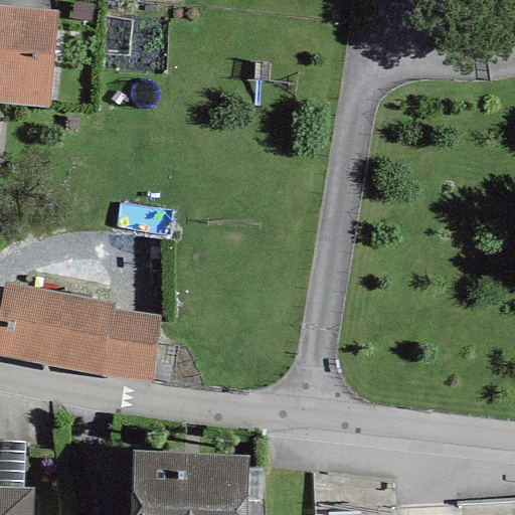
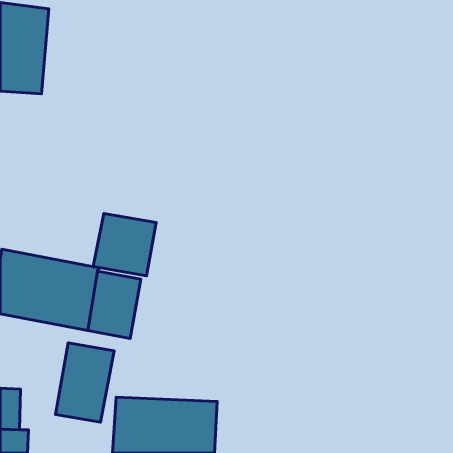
building: none -> [93,213,156,276]
building: none -> [55,343,114,422]

